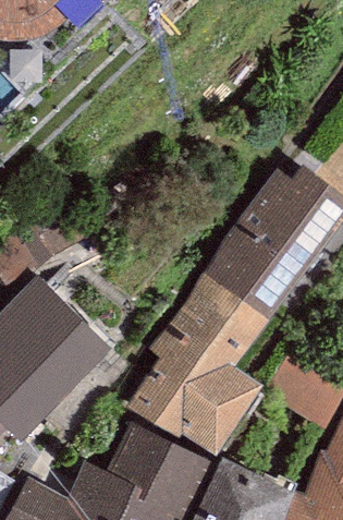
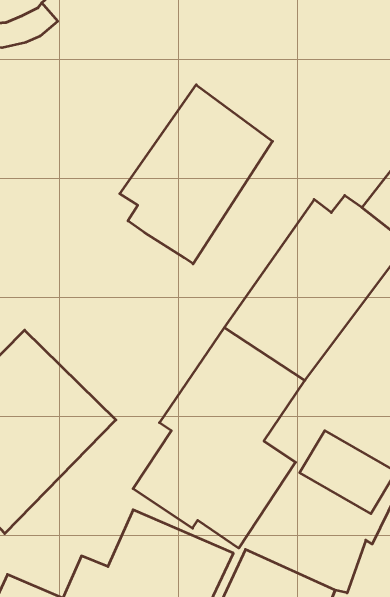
building: none -> [120,85,273,264]

